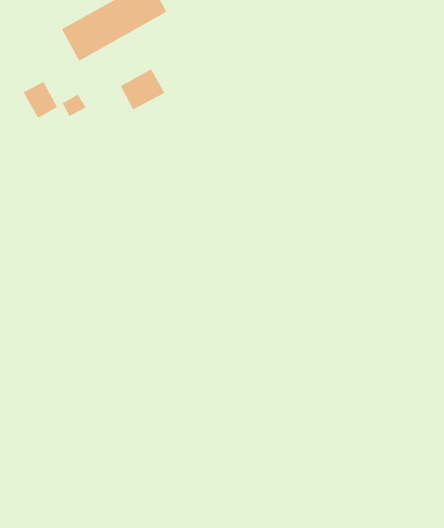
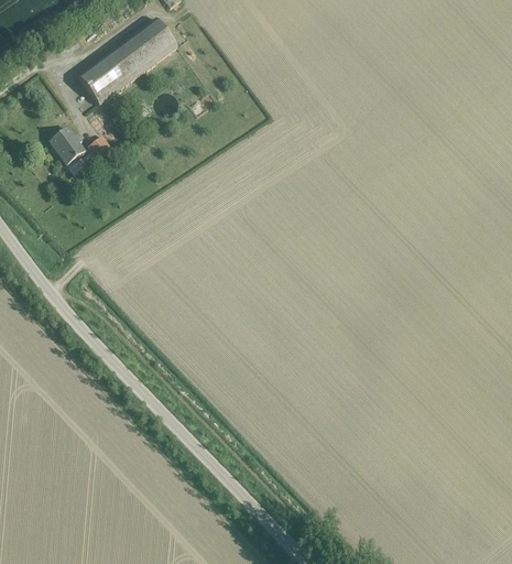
building: [120,69,165,110] -> none

